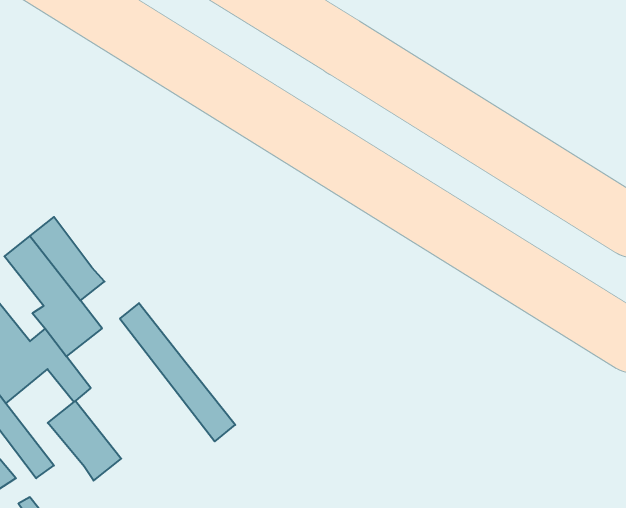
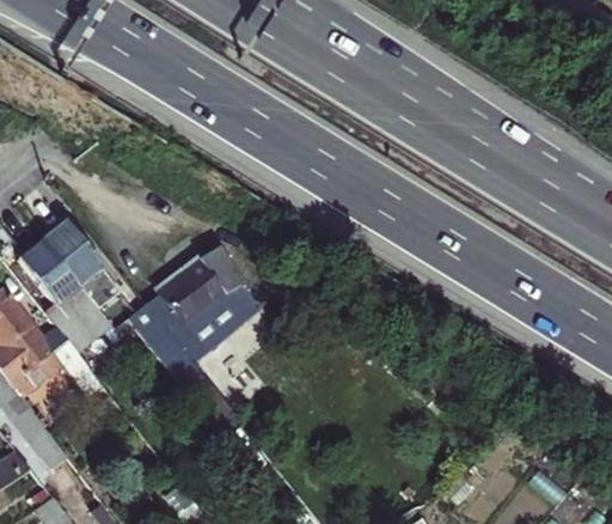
building: none -> [146,244,259,360]
building: [48,401,121,481] -> none

